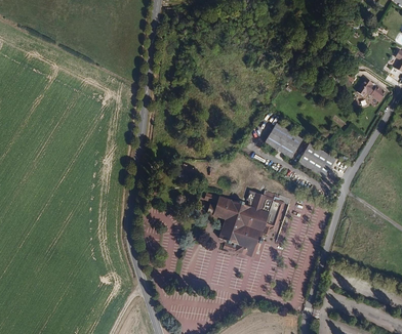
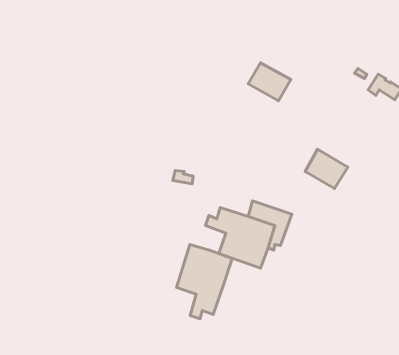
building: [265,122,304,157] -> [248,63,291,101]
building: none -> [176,245,232,319]

